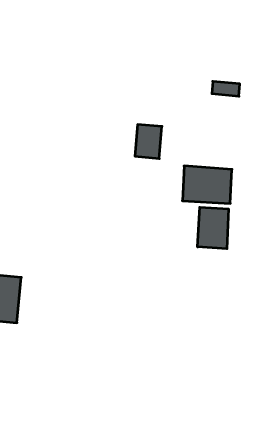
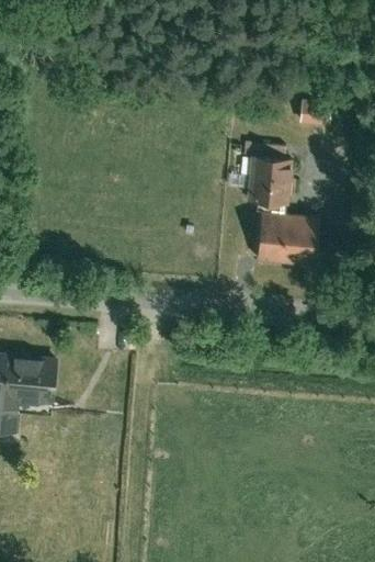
building: [135,125,162,159] -> [250,157,284,200]
building: [198,207,228,249] -> none

